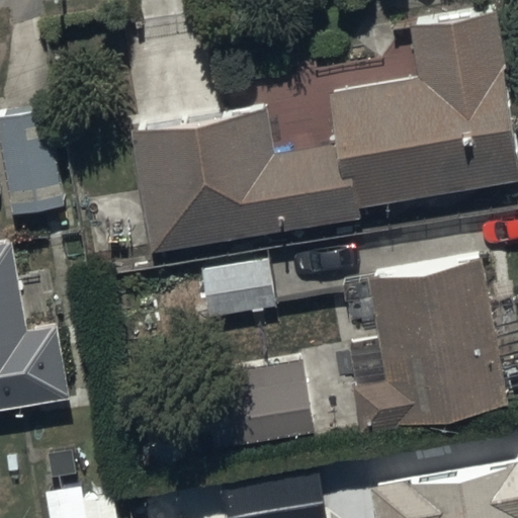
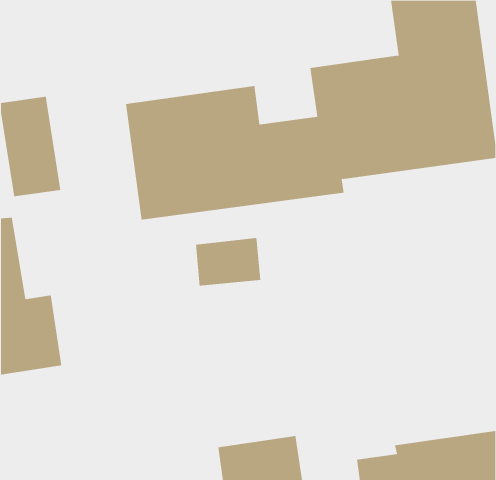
building: [350,252,506,421] -> none
building: [201,360,309,446] -> none

